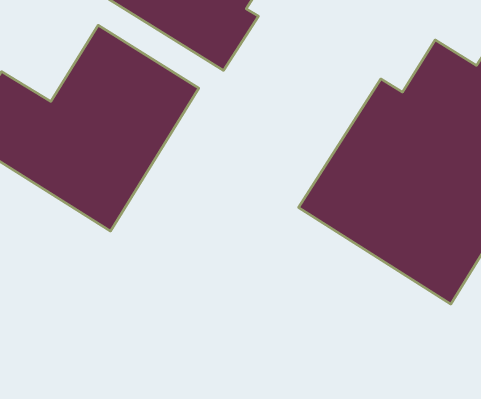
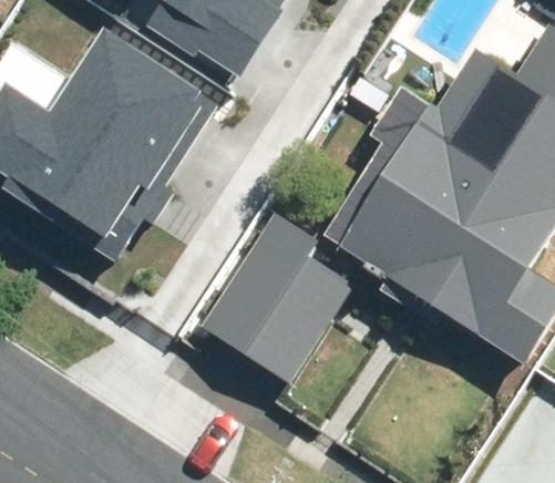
building: none -> [203,214,358,379]

